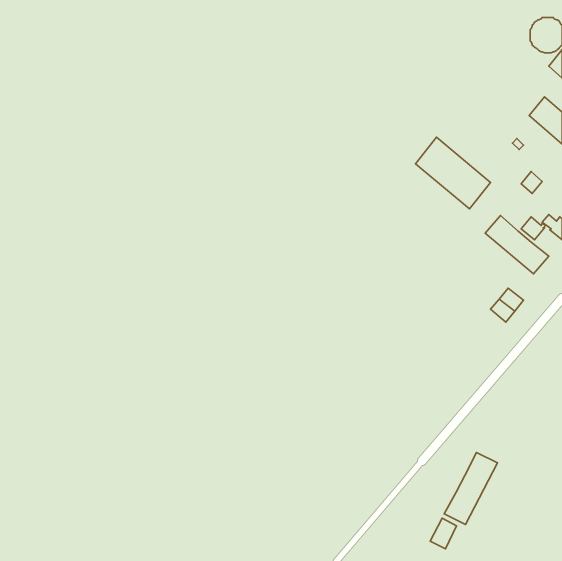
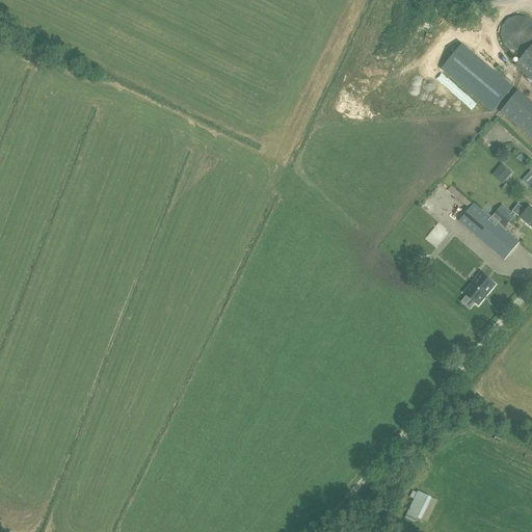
building: [416,137,490,209] -> [442,44,512,111]
building: [444,452,498,525] -> none

